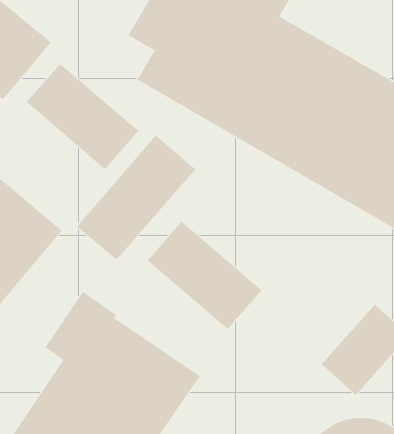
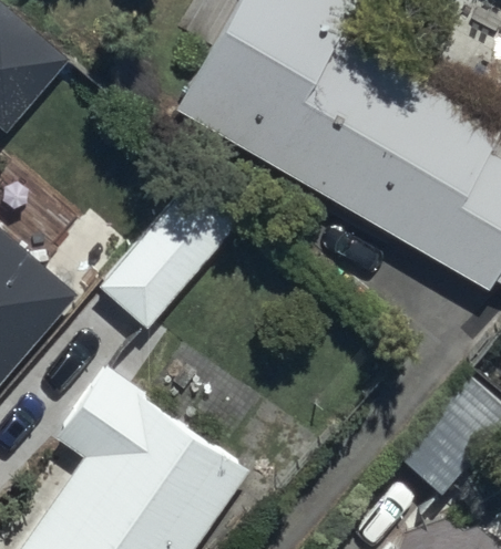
building: [26,63,139,170] -> none
building: [147,220,263,330] -> none

